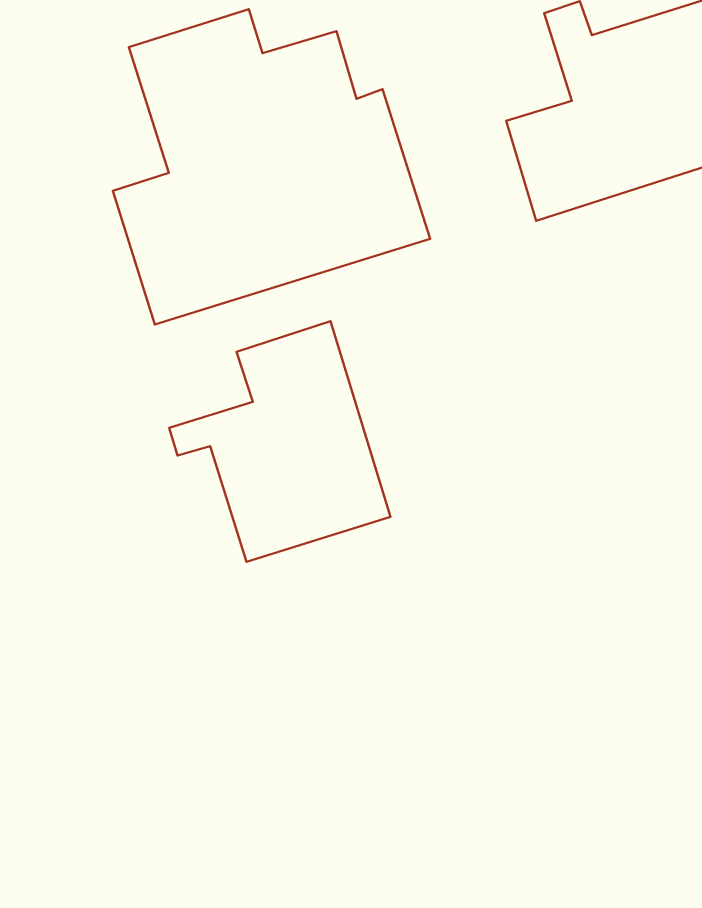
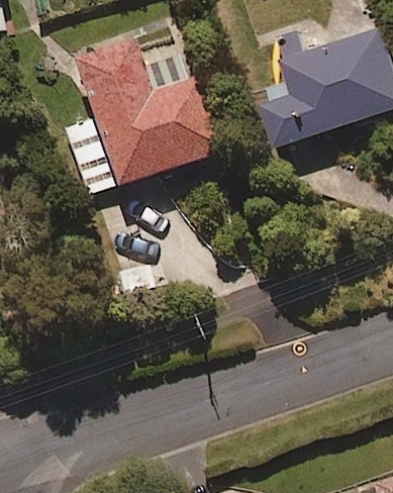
building: [169,321,391,562] -> none

